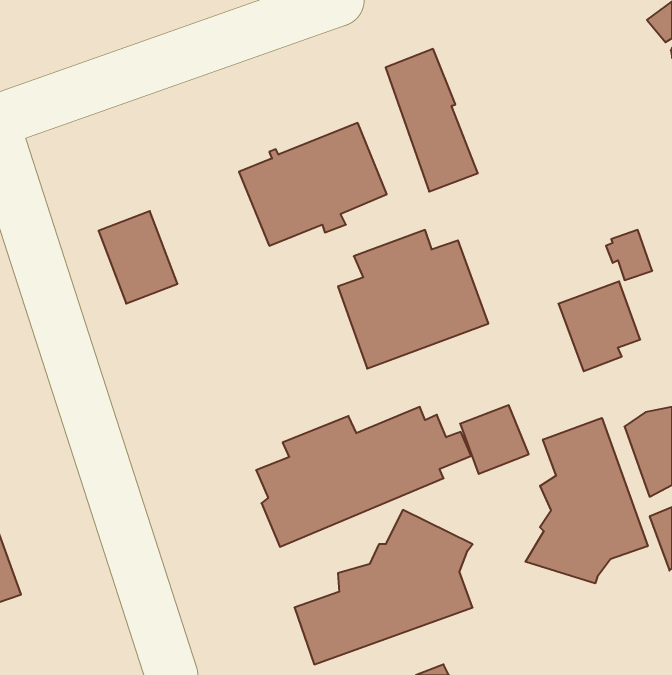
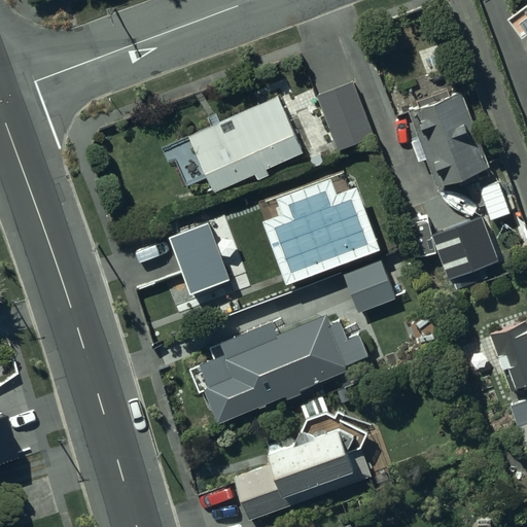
building: none -> [407,94,489,188]
building: [98,211,178,304] -> [169,223,231,295]
building: [460,405,529,474] -> [343,261,396,315]
building: [525,418,648,583] -> none

